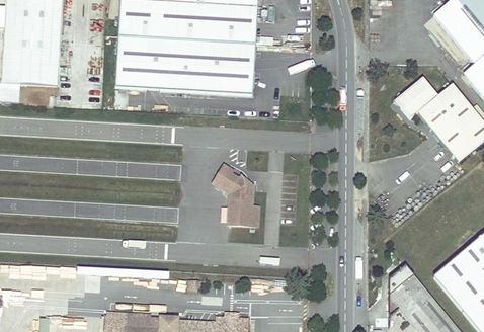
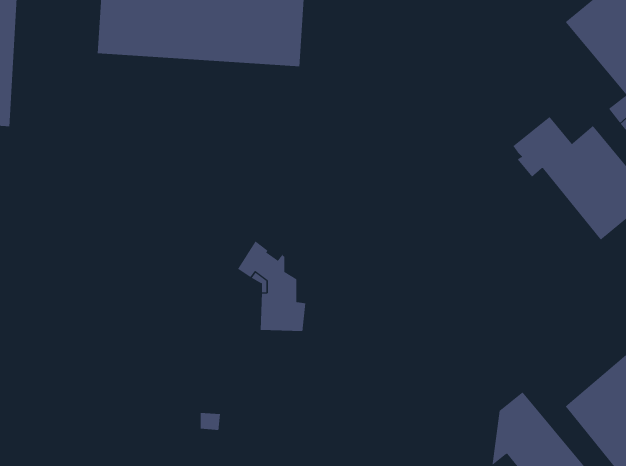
building: [113,36,254,94] -> none

